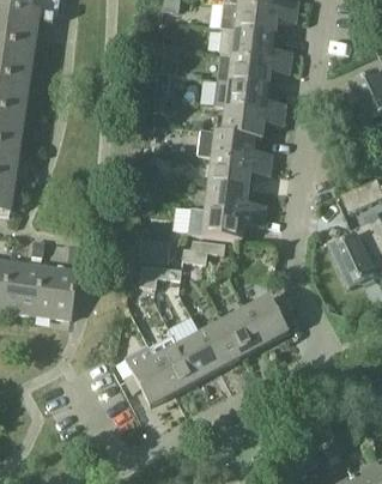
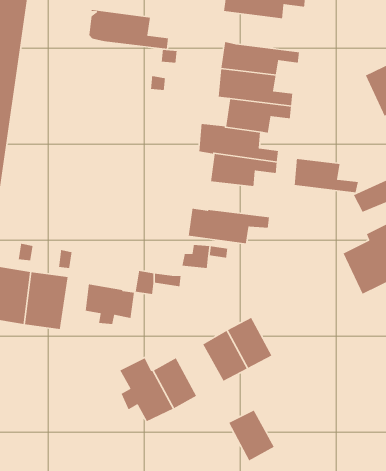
building: [218,25,292,62] -> [88,9,169,50]
building: [206,182,266,214] -> [294,158,359,193]
building: none -> [85,284,135,325]
building: [247,295,289,343] -> none
building: [177,332,220,380] -> [228,409,275,461]

